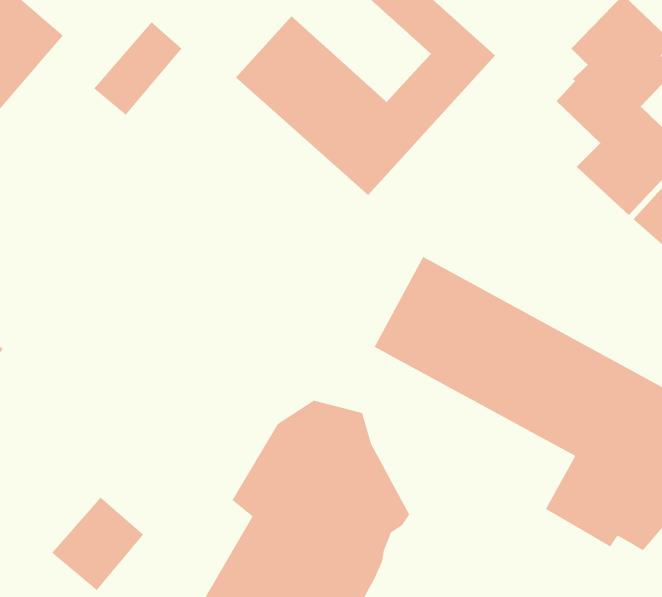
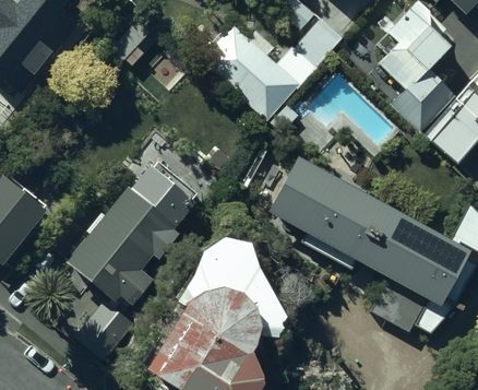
building: none -> [65,161,199,305]

